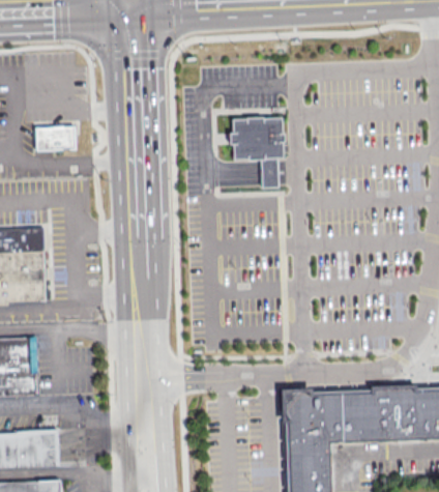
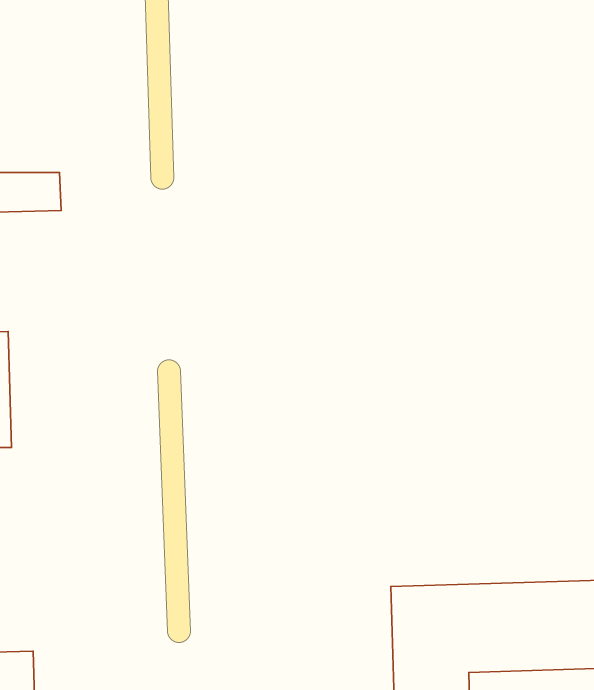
building: [229,118,284,190] -> none

